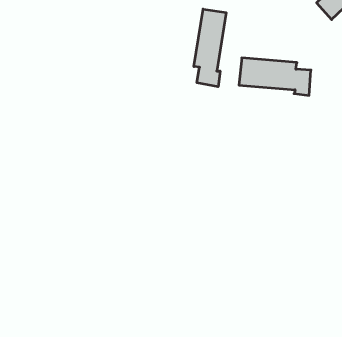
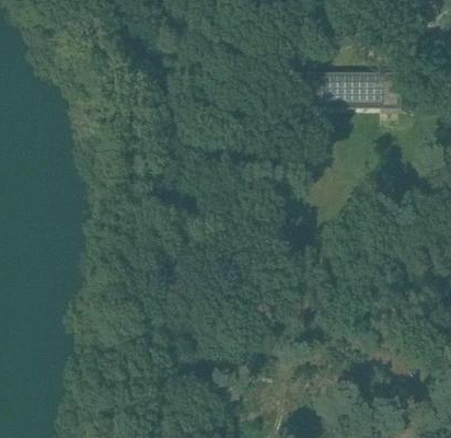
building: [194,9,226,87] -> none

